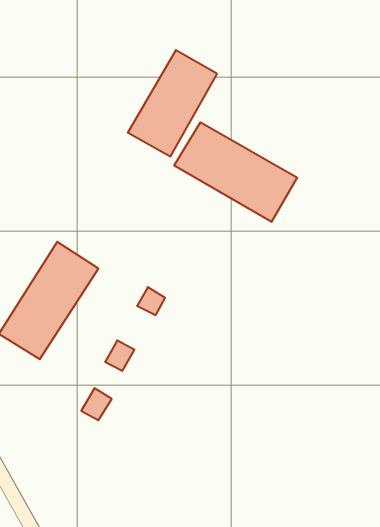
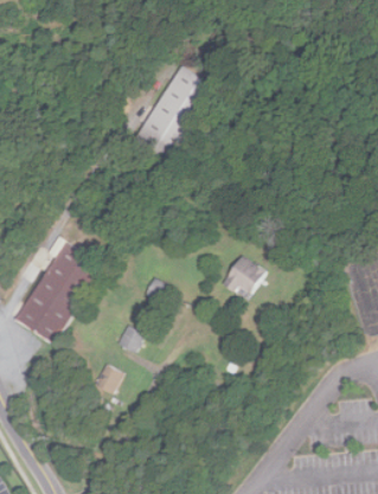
building: [174,122,297,222] -> none
building: none -> [220,252,265,294]

